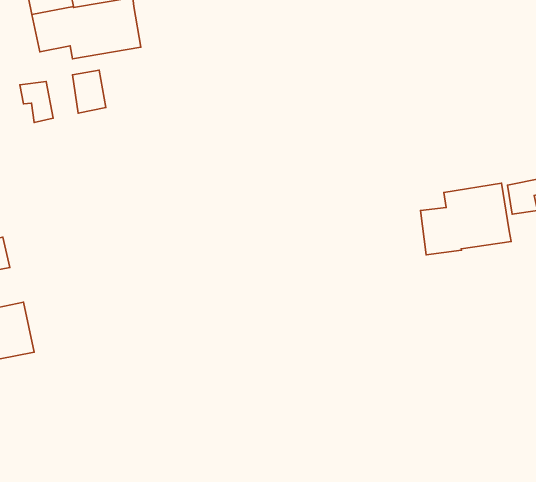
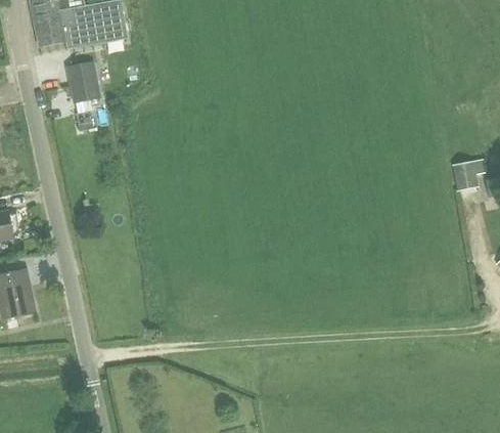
building: [20,82,53,123] -> none
building: [421,183,511,255] -> none

